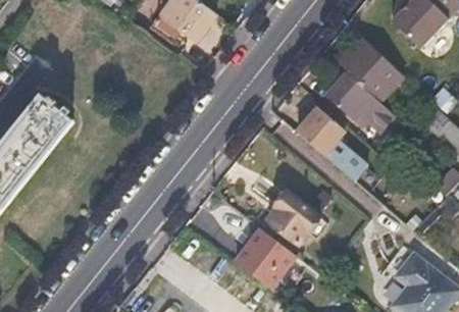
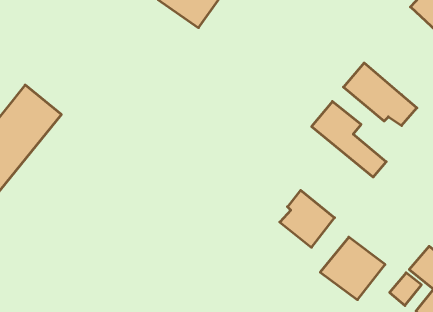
building: [340,39,405,105] -> none
building: [238,232,298,291] -> [320,237,385,300]

